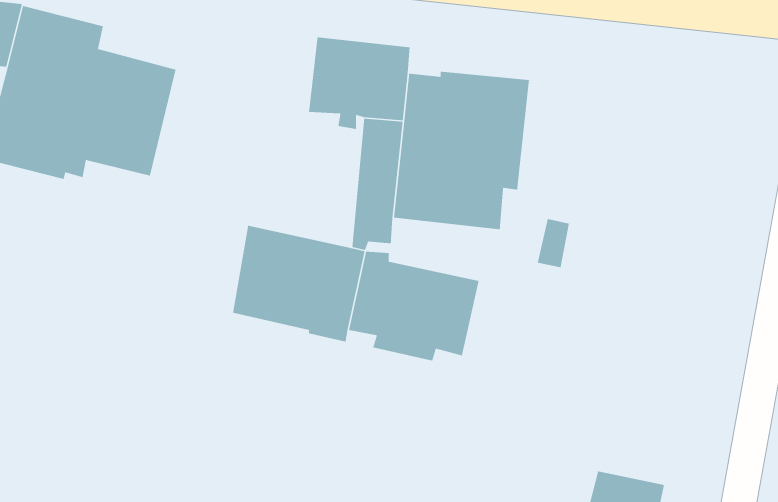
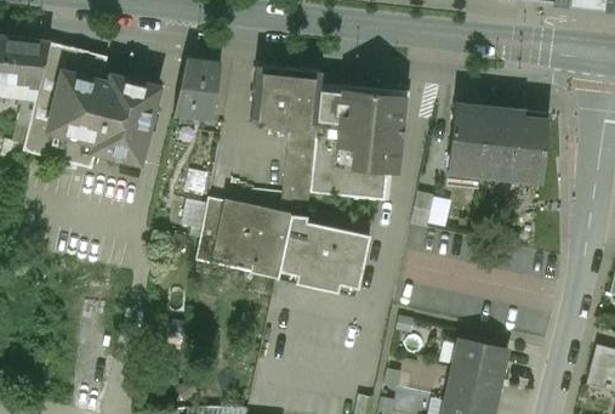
building: none -> [175,57,222,120]
building: none -> [449,103,548,180]
building: none -> [454,339,508,379]

